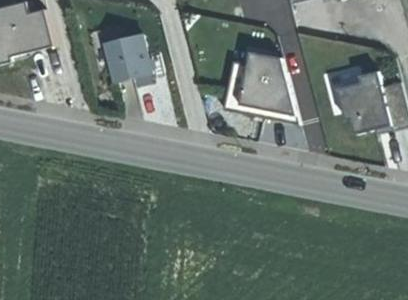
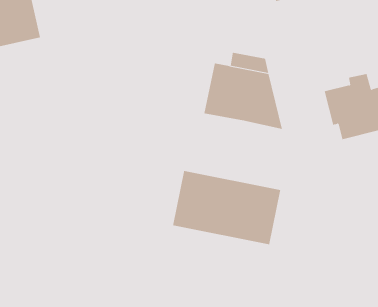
building: [98,36,144,84] -> none
building: none -> [173,170,281,245]

